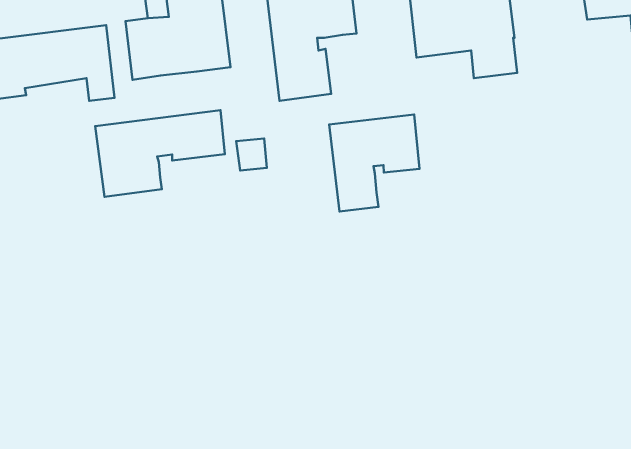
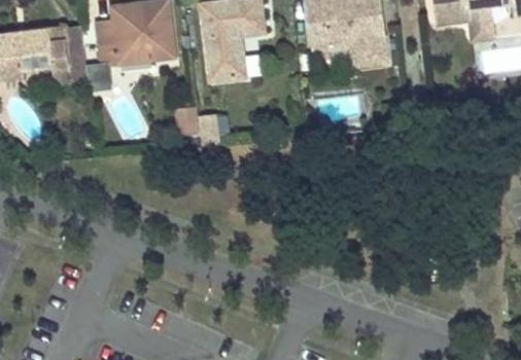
building: [95,110,225,197] -> none
building: [329,115,420,212] -> none

